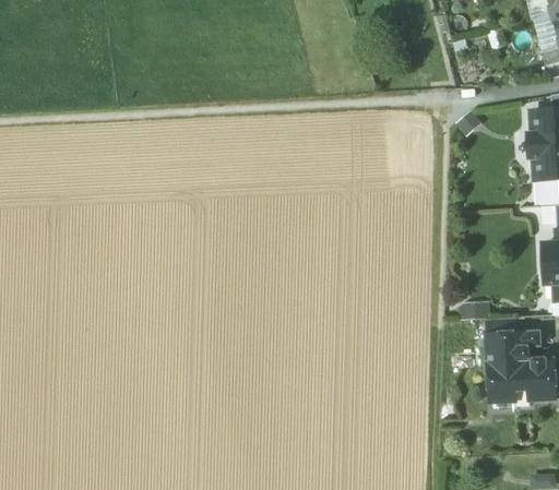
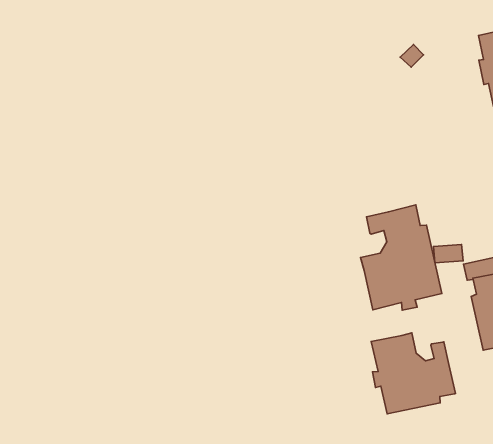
building: none -> [361,205,442,310]
building: none -> [371,333,456,414]

